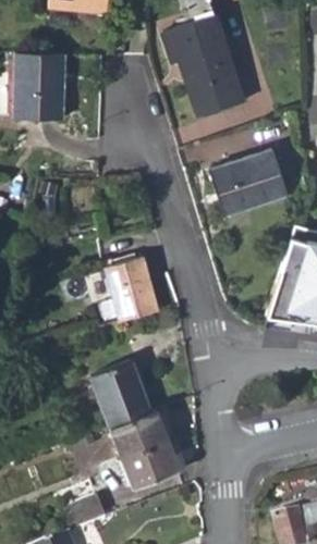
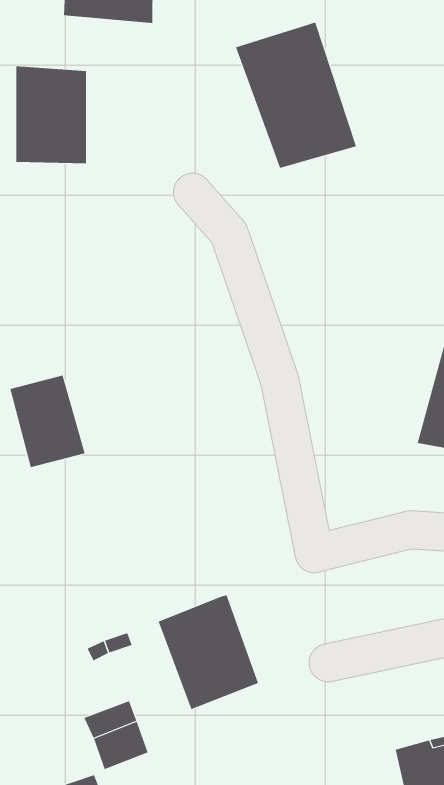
building: [206,151,283,213] -> none
building: [106,260,158,324] -> [10,375,85,468]
building: [87,363,154,430] -> none

